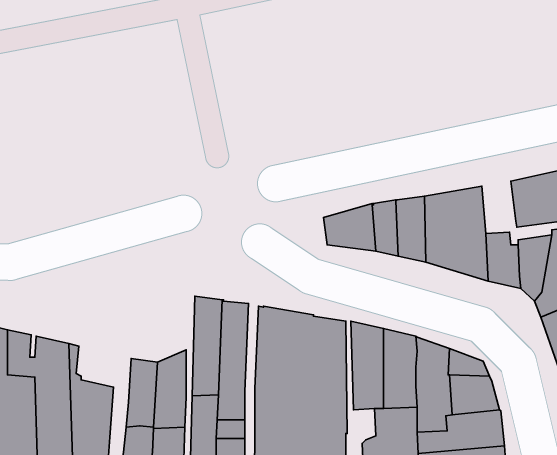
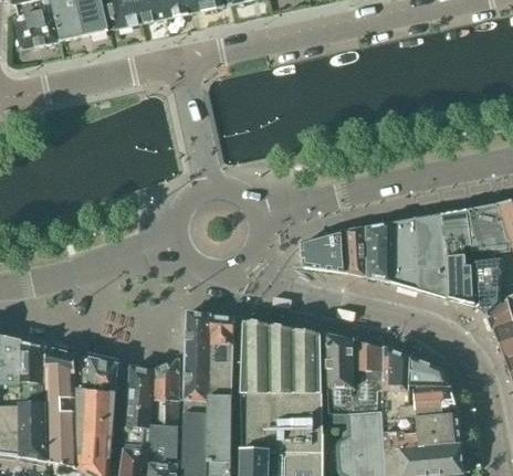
building: none -> [441,209,471,255]
building: none -> [82,355,117,391]

